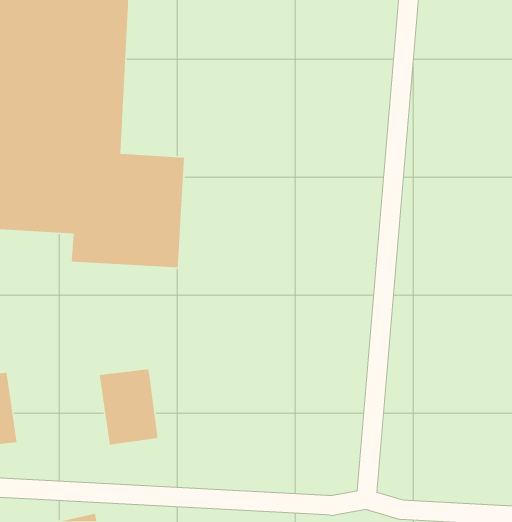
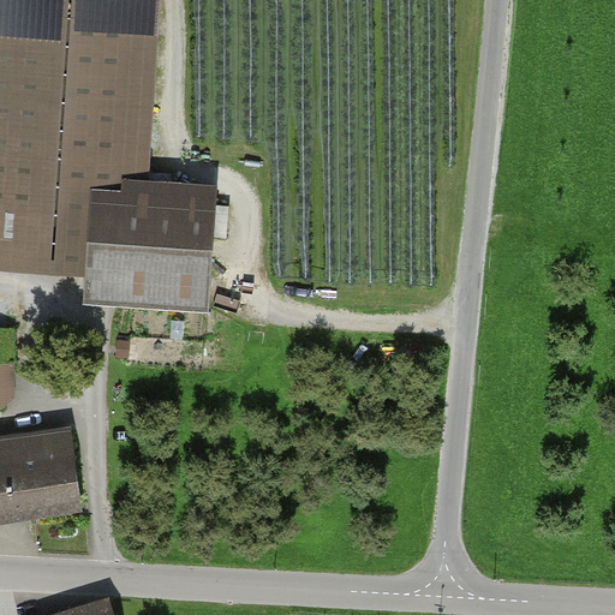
building: [99,368,158,446] -> [8,428,78,518]

